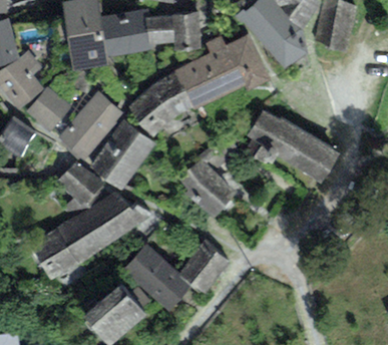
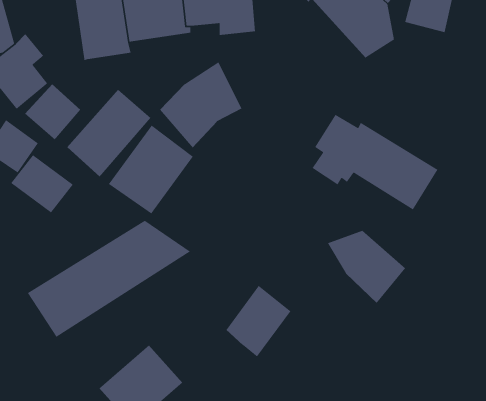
building: [173,34,270,110] -> none
building: [56,161,104,207] -> [10,154,74,214]
building: [176,161,237,218] -> [327,230,406,304]
building: [122,244,191,312] -> none

